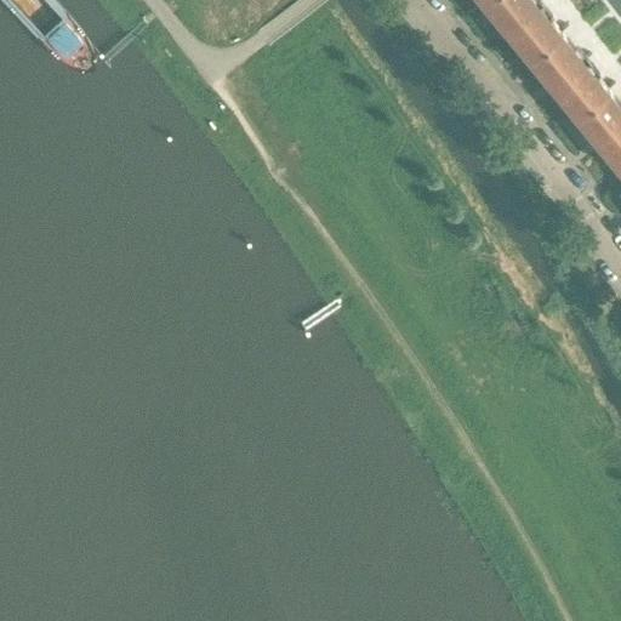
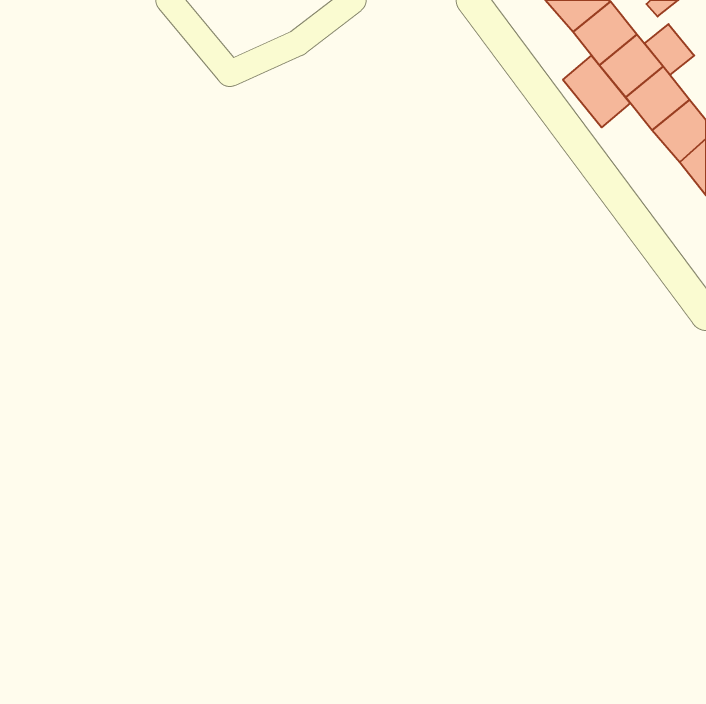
building: none -> [644,24,694,75]
building: none -> [563,55,630,127]

